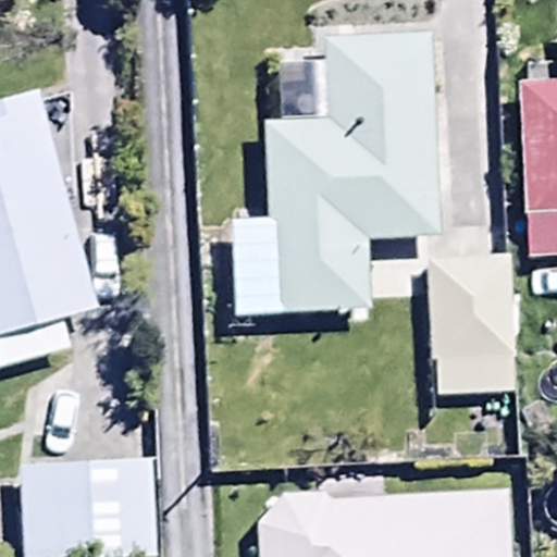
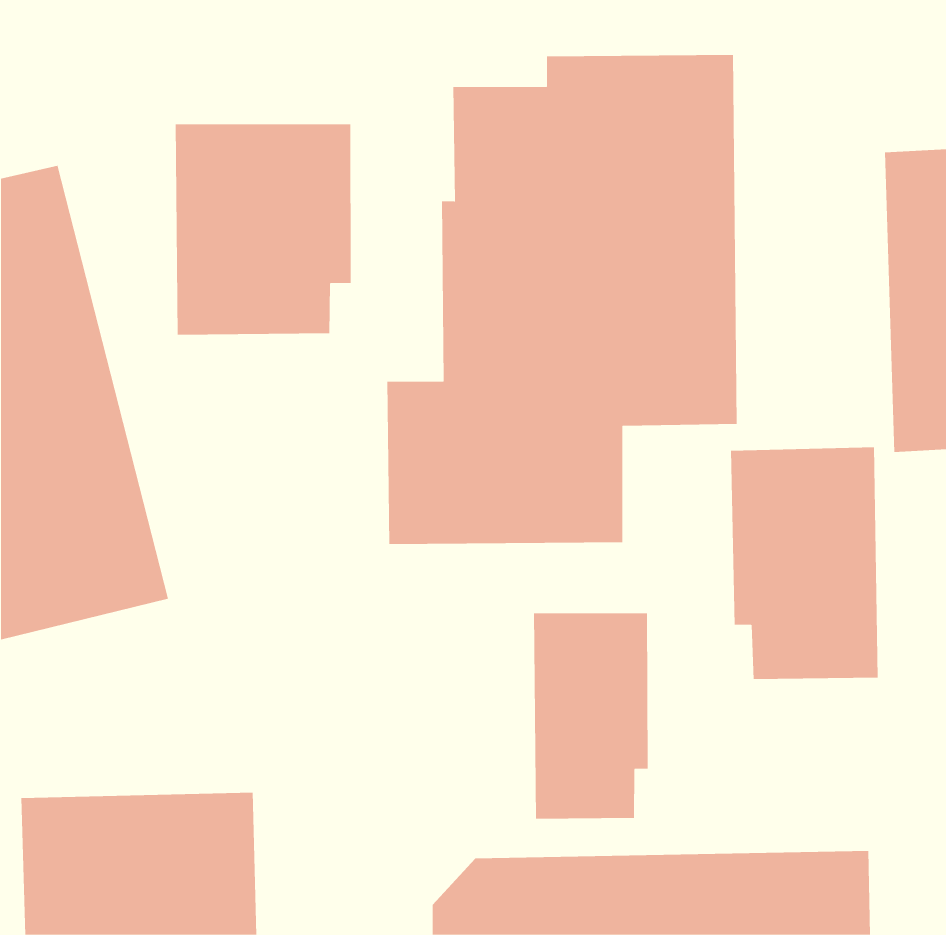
building: none -> [175,124,351,335]
building: none -> [533,612,648,820]

